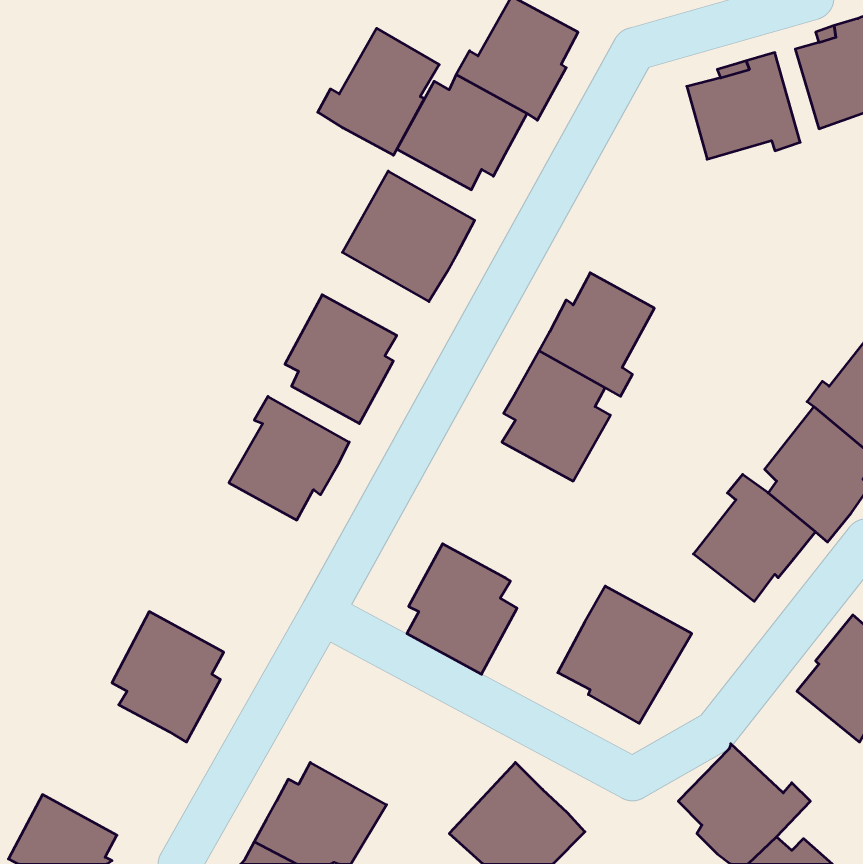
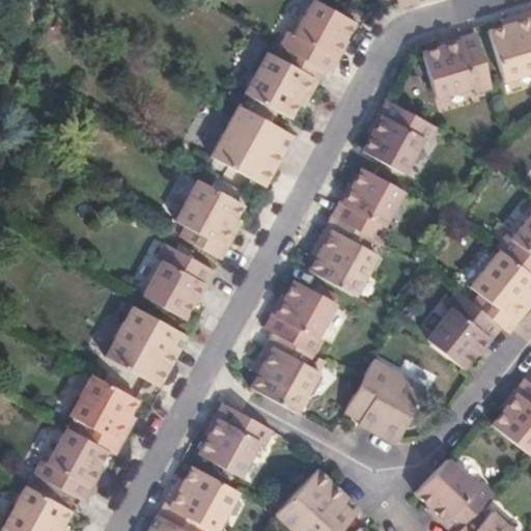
building: [318,28,439,155] -> none
building: none -> [362,99,437,173]
building: none -> [261,278,332,354]
building: none -> [105,305,188,387]
building: none -> [204,402,277,478]
building: none -> [35,428,106,502]

